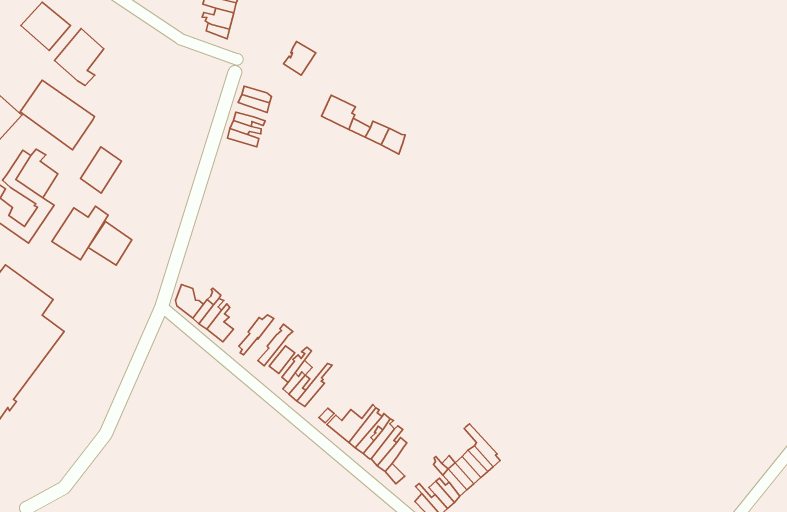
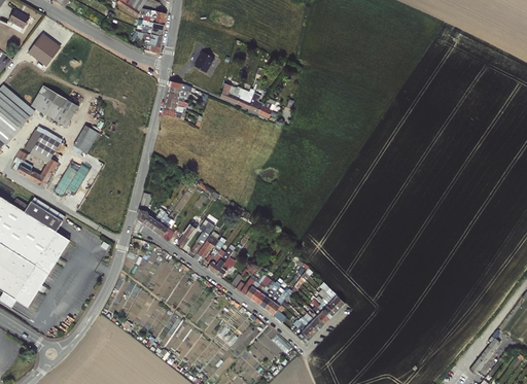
building: [55,28,104,86] -> none
building: [88,221,132,265] -> none

